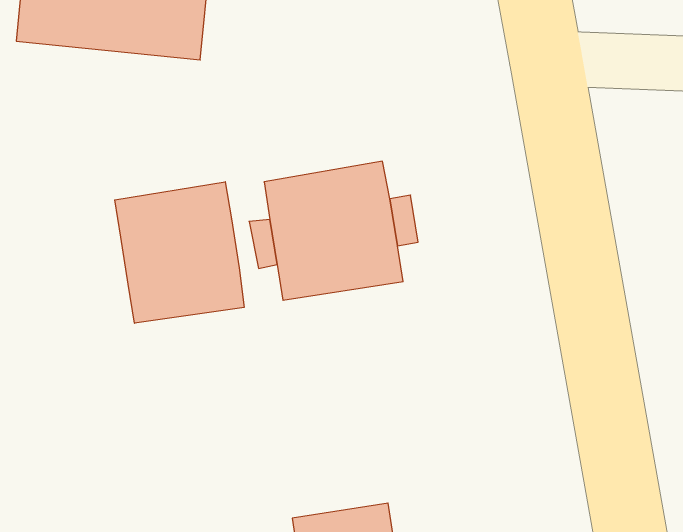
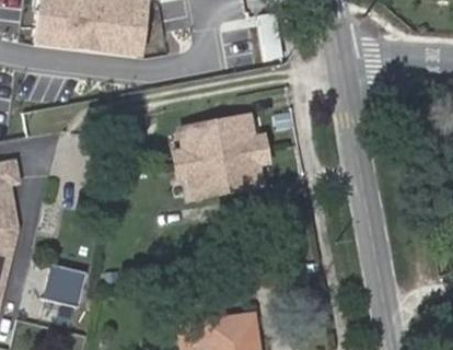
building: [115,182,244,323] -> none
building: none -> [44,262,88,305]

